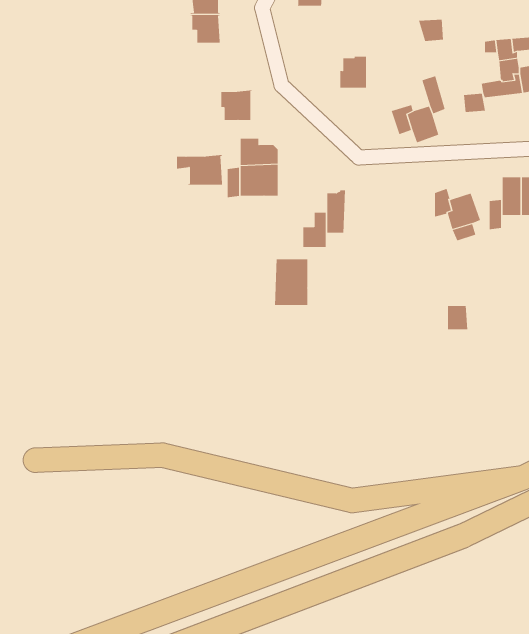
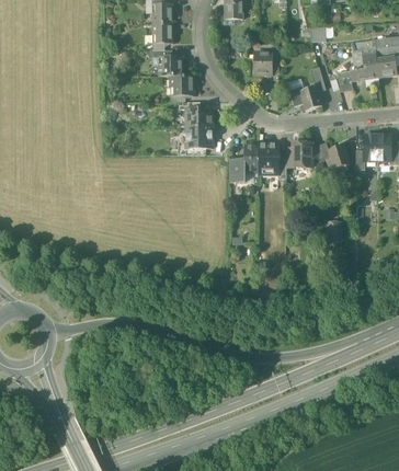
building: [176,155,223,185] -> [151,55,183,76]
building: none -> [257,142,278,172]
building: none -> [292,142,311,166]
building: [275,258,308,306] -> none

